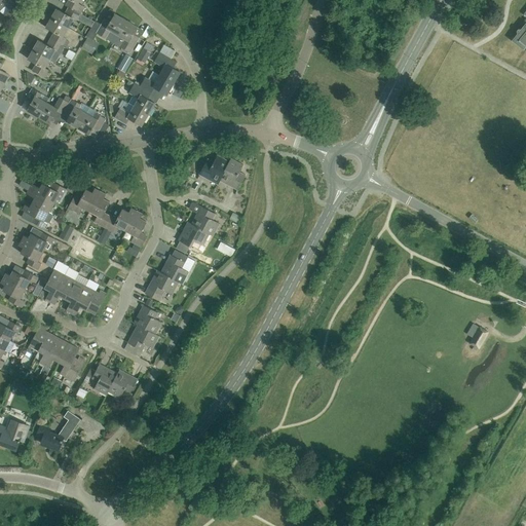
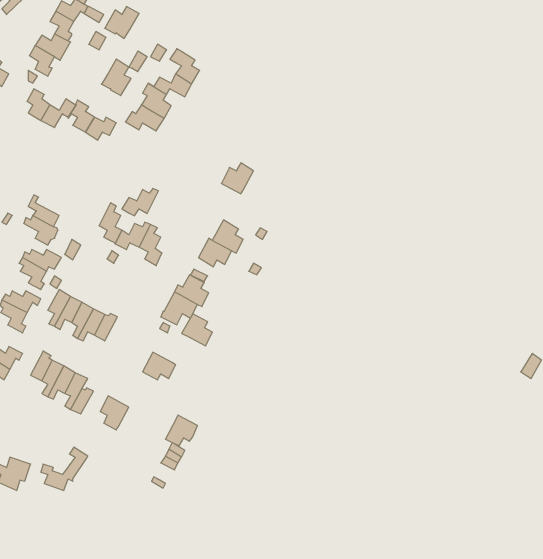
building: [112,20,139,52] -> [101,59,131,96]
building: [219,157,245,188] -> none
building: [32,182,65,203] -> none
building: [67,188,100,213] -> [122,188,158,216]
building: [134,305,161,334] -> [182,314,212,346]
building: [107,370,136,398] -> [165,415,197,446]

